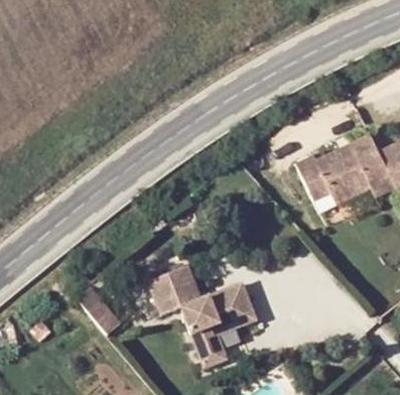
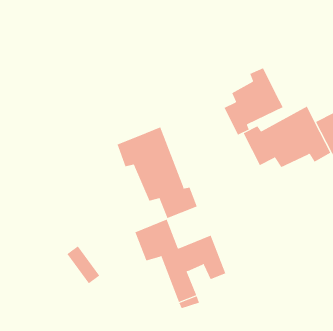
building: none -> [224,68,283,136]
building: none -> [117,127,198,219]

